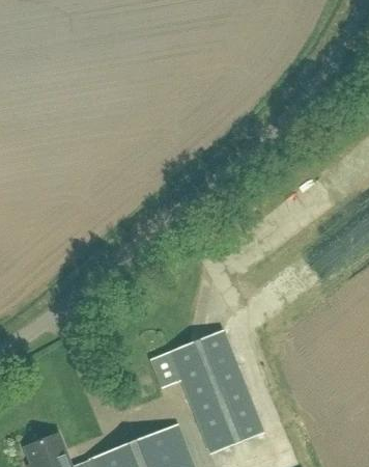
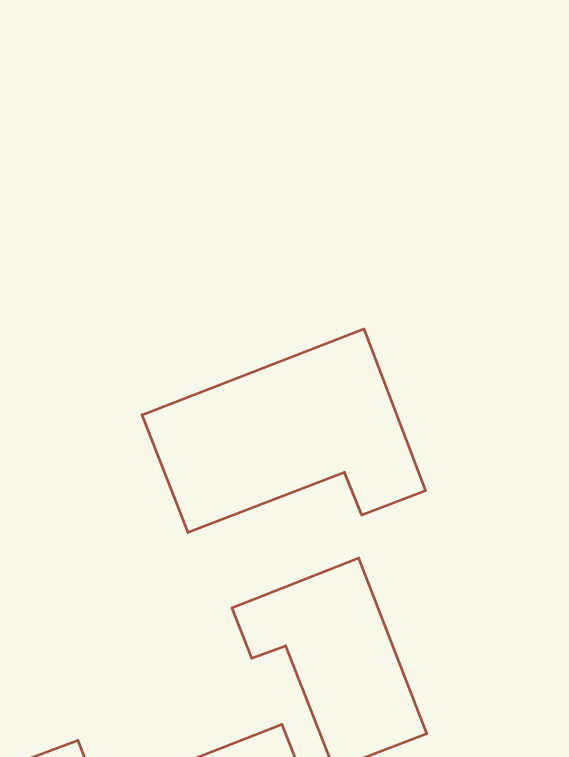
building: none -> [142,329,425,533]

